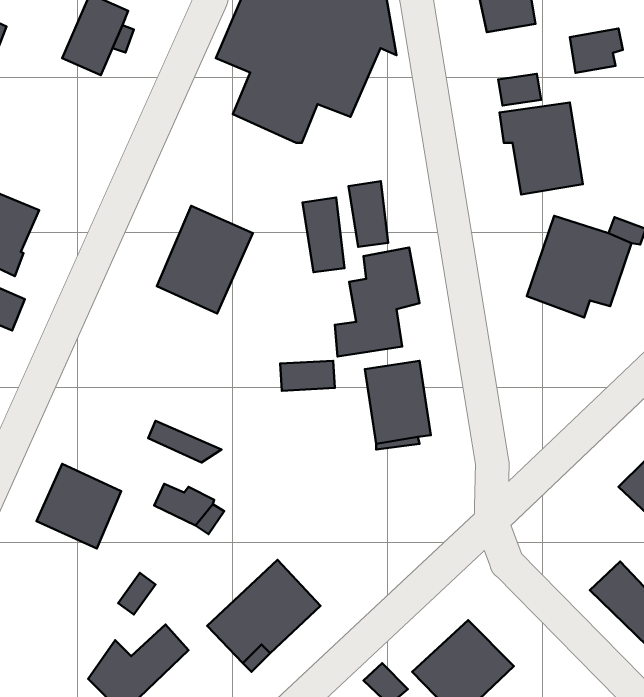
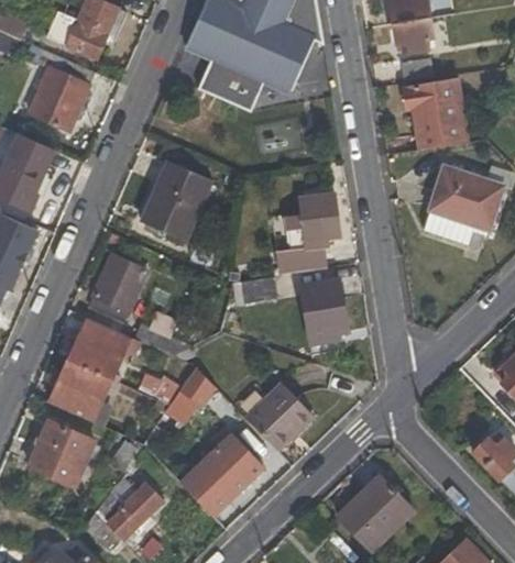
building: [570,28,623,73] -> [393,20,434,54]
building: none -> [28,46,97,132]
building: [349,181,388,247] -> none
building: [302,197,345,272] -> none
building: none -> [87,253,149,323]
building: none -> [67,318,130,378]
building: none -> [245,384,315,451]
building: none -> [29,420,95,487]

